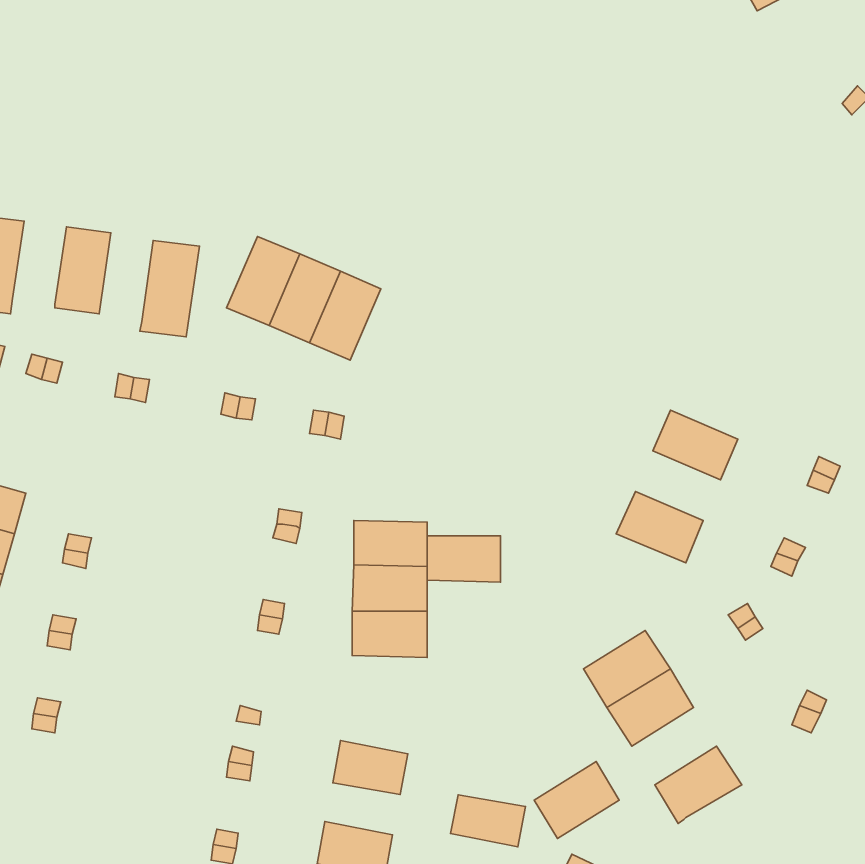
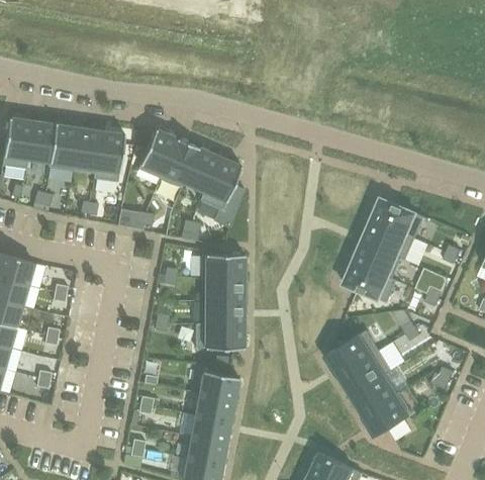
building: none -> [27,120,56,164]
building: none -> [73,126,101,173]
building: none -> [201,156,242,210]
building: none -> [372,197,417,234]
building: none -> [354,241,398,277]
building: [427,536,501,582] -> [206,254,245,278]
building: none -> [199,370,239,399]
building: [534,761,619,839] -> [352,375,396,415]
building: [450,795,526,847] -> [191,414,230,442]

